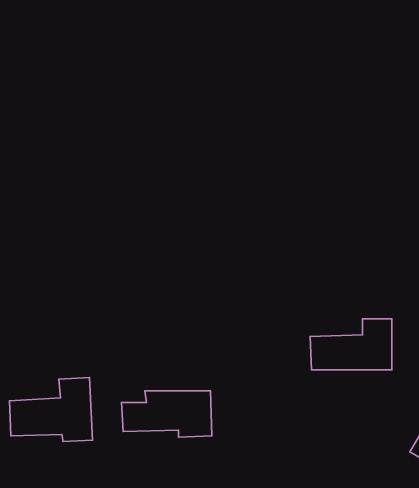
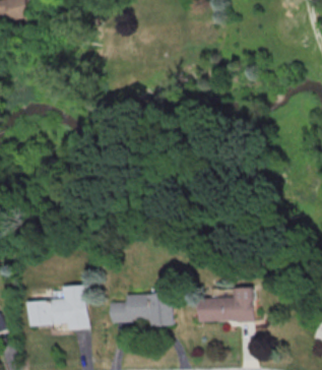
building: [310,319,392,370] -> [196,286,253,321]

